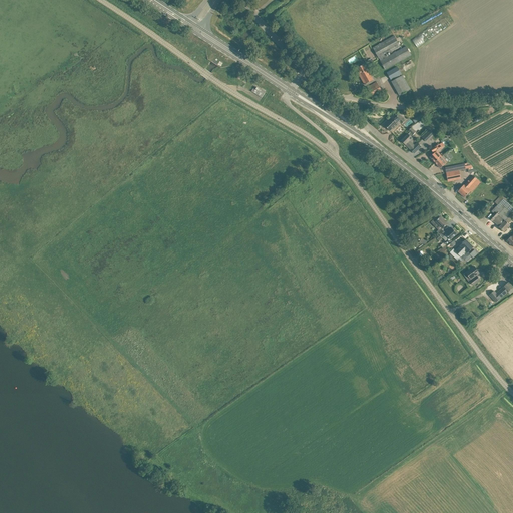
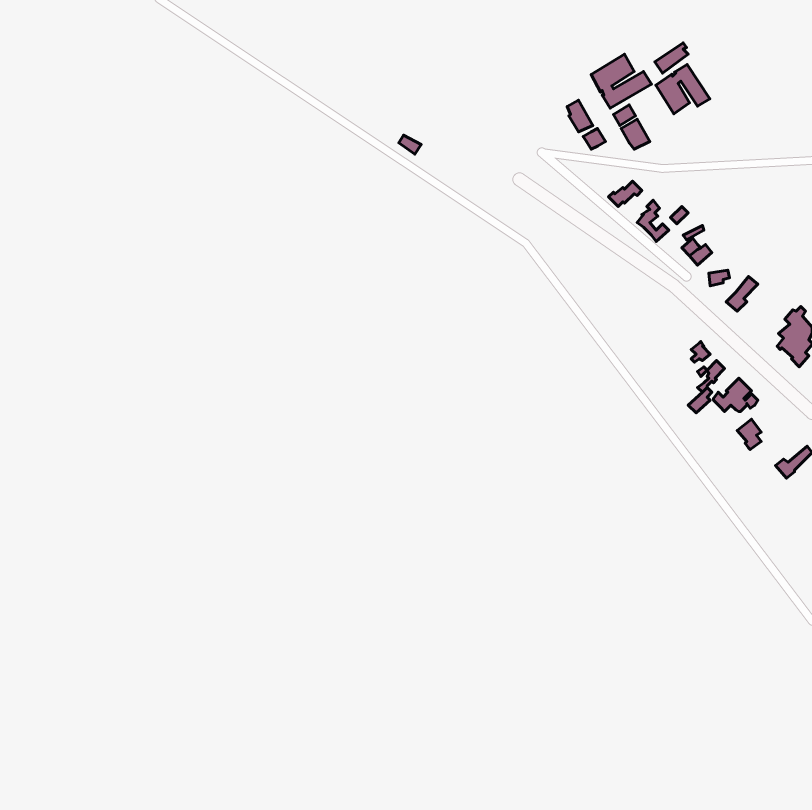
building: none -> [656,65,710,114]

